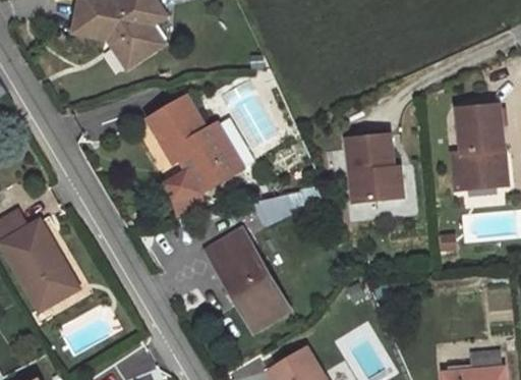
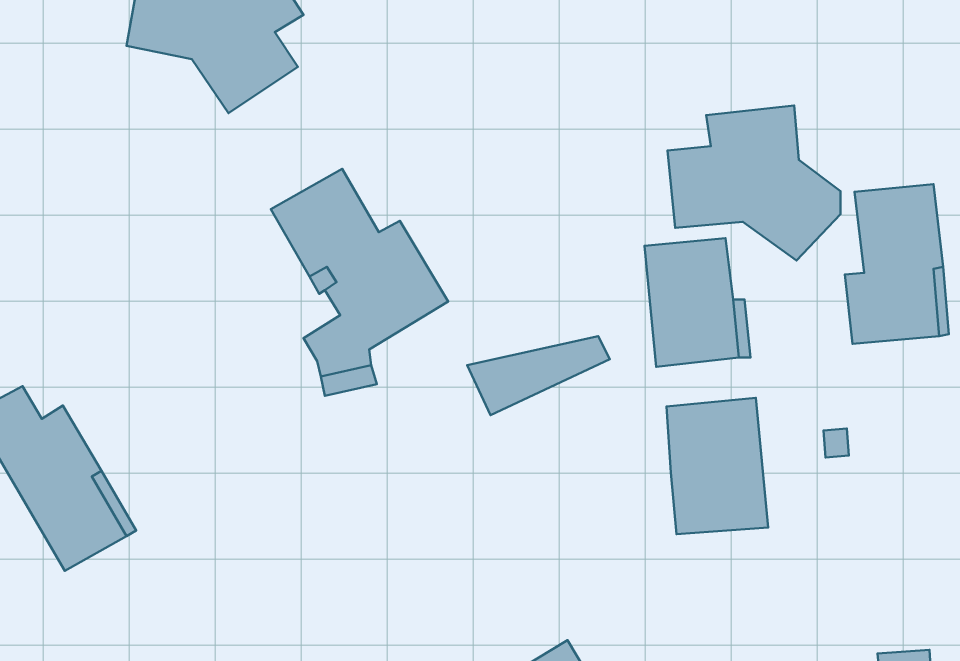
building: none -> [668,106,840,261]
building: none -> [666,398,768,534]
building: [206,228,289,331] -> none

